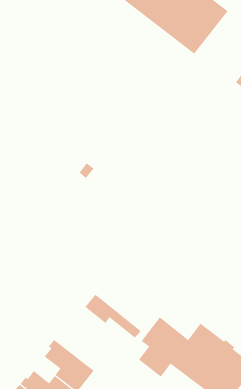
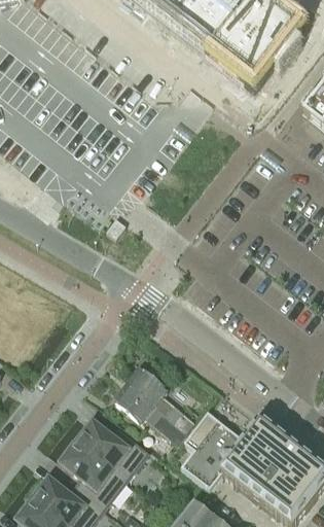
building: none -> [128,366,194,430]
building: none -> [75,423,149,481]

